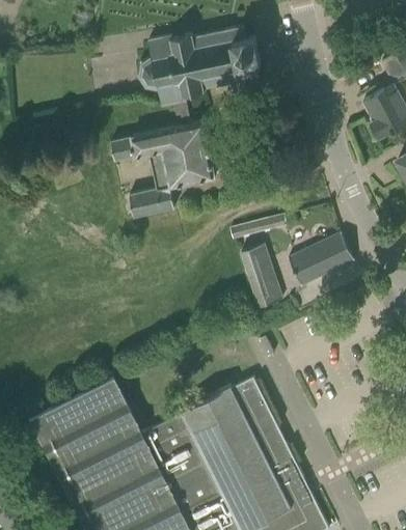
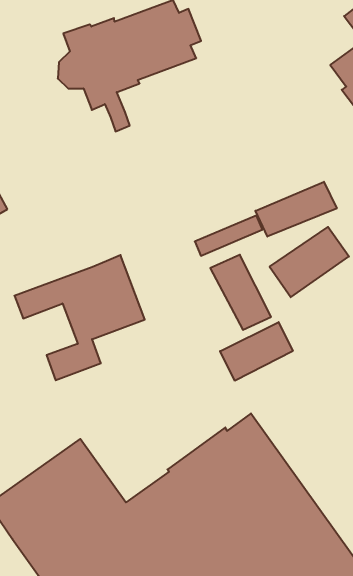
building: [111,121,215,216] -> [14,255,145,380]
building: none -> [255,182,337,237]
building: none -> [220,322,293,381]

